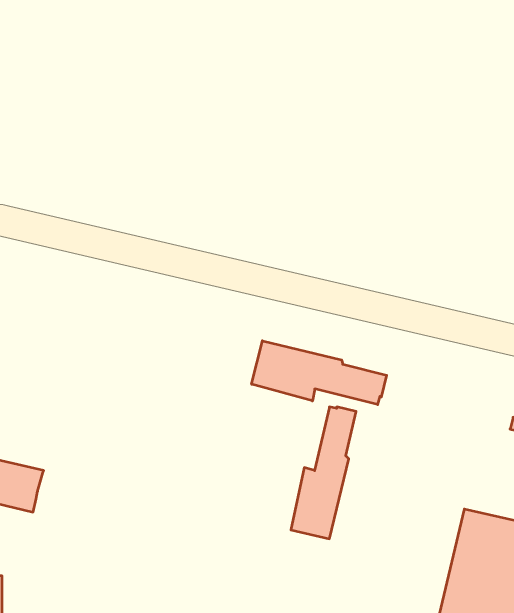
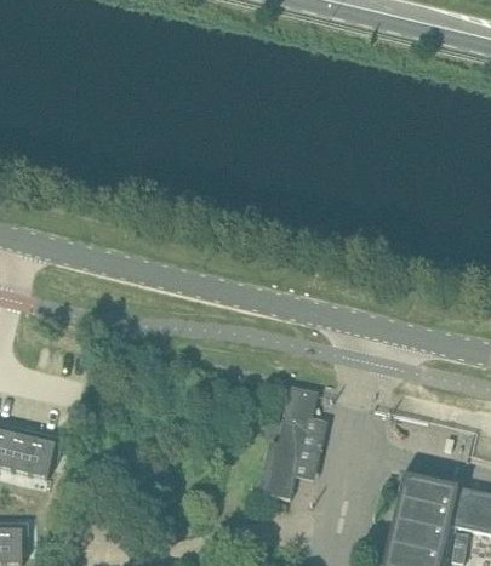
building: [252,341,387,405] -> none

